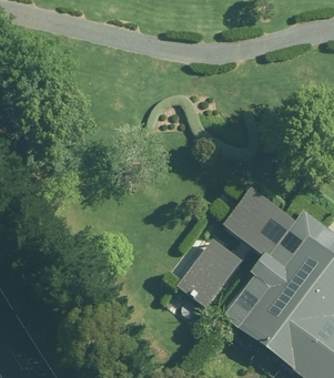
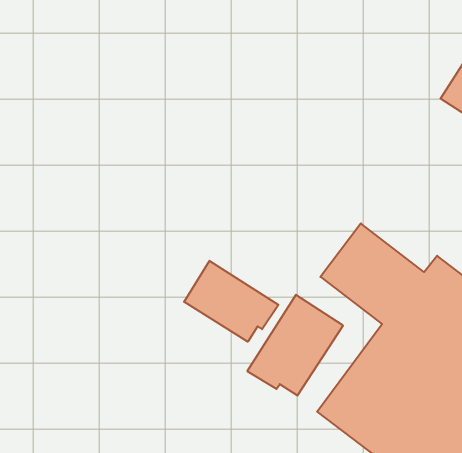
building: none -> [184,261,278,342]

